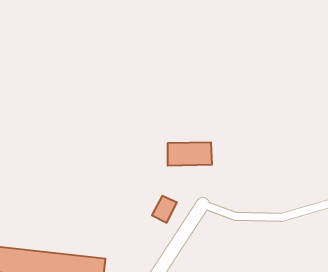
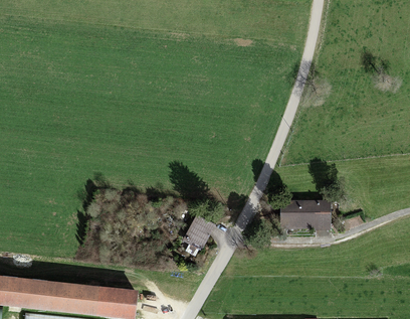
building: [168,142,212,166] -> [280,204,329,229]

